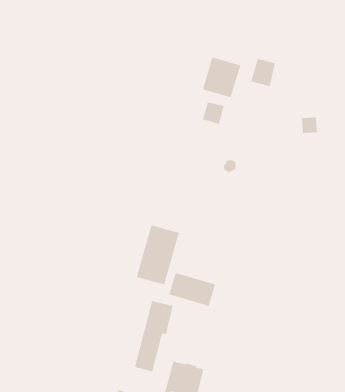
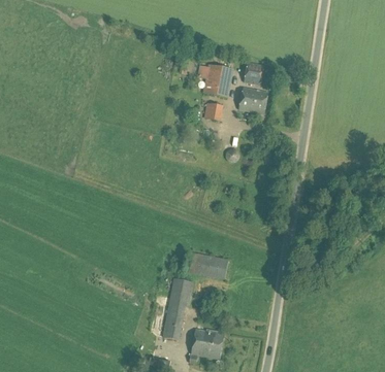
building: none -> [238,88,267,114]
building: [136,225,180,285] -> none

